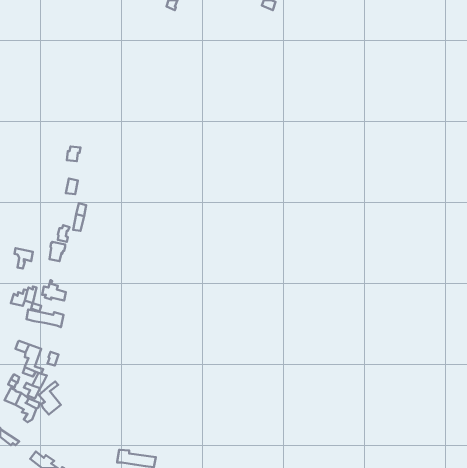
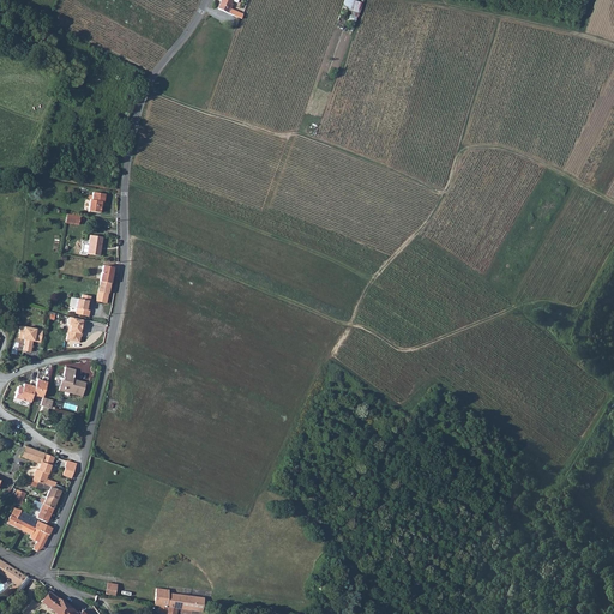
building: [26,309,63,327] -> none
building: [39,381,61,414] -> none

